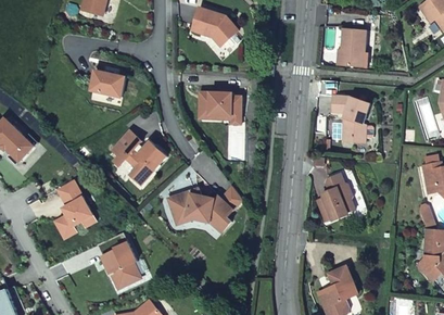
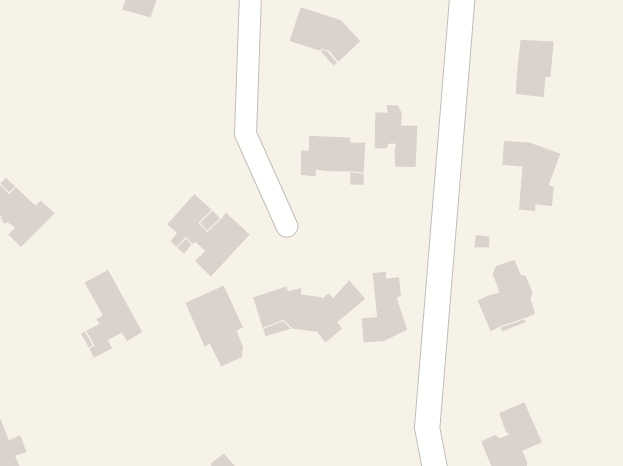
building: [90,70,125,97] -> none
building: none -> [374,104,418,168]
building: none -> [361,271,408,343]
building: [97,232,136,287] -> [184,285,244,367]

